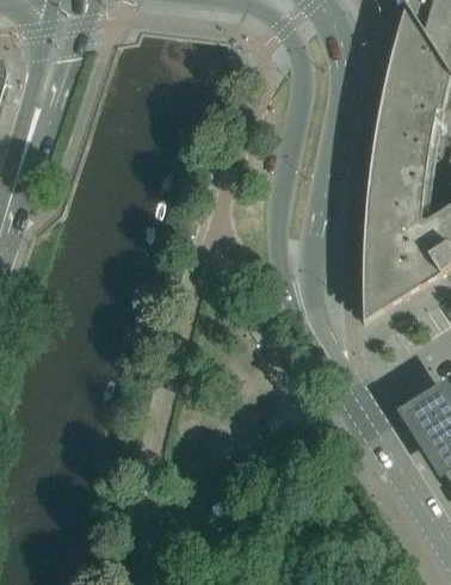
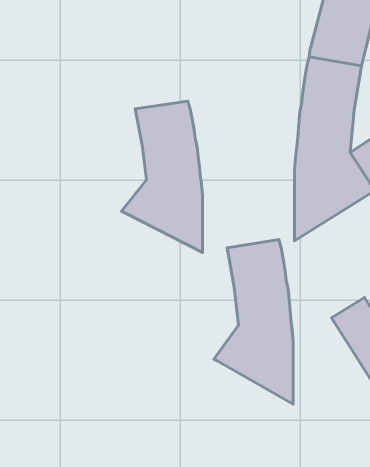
building: none -> [122,101,202,253]
building: none -> [214,240,293,404]

